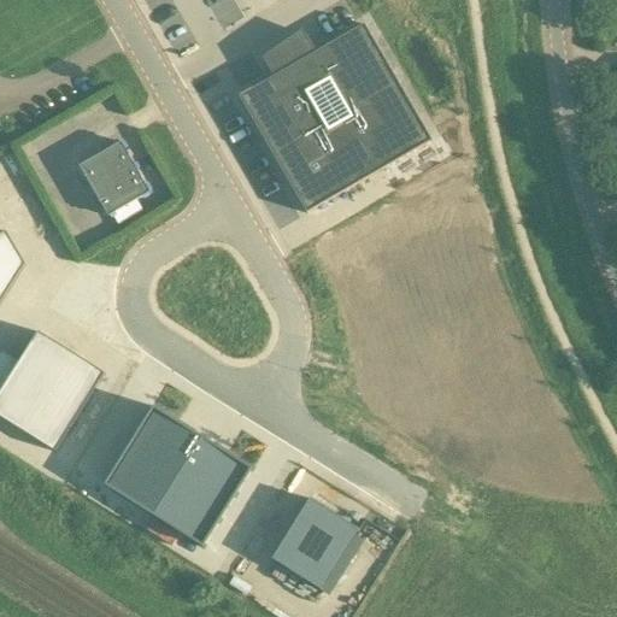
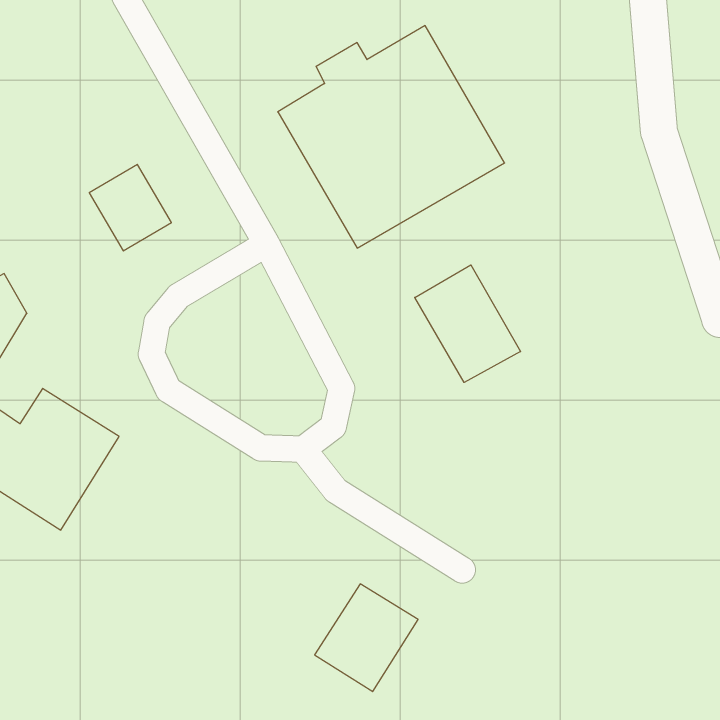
building: none -> [415,265,521,382]
building: [101,404,248,545] -> none

